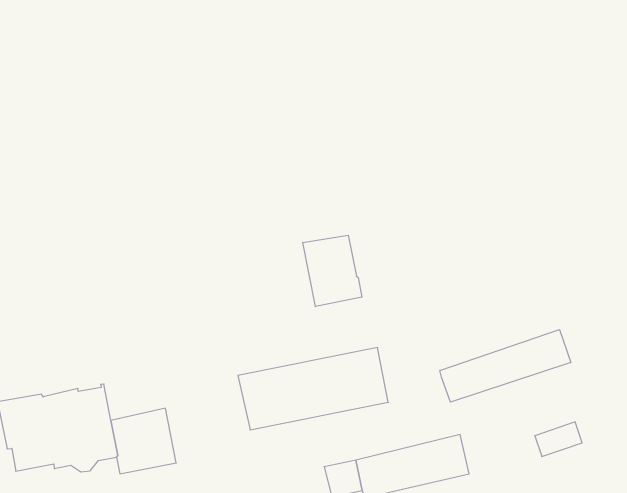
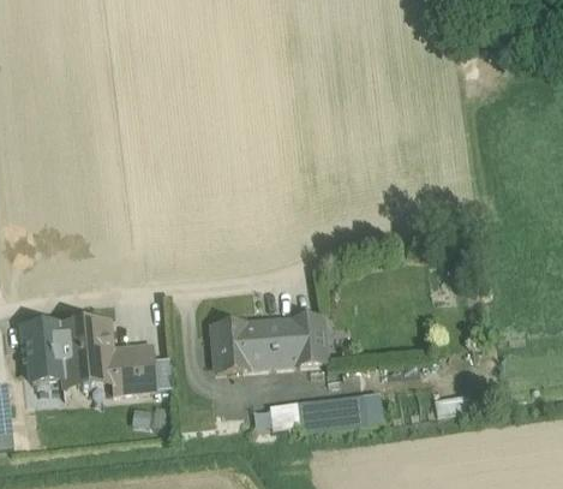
building: [303,235,362,307] -> none
building: [440,330,571,402] -> none

